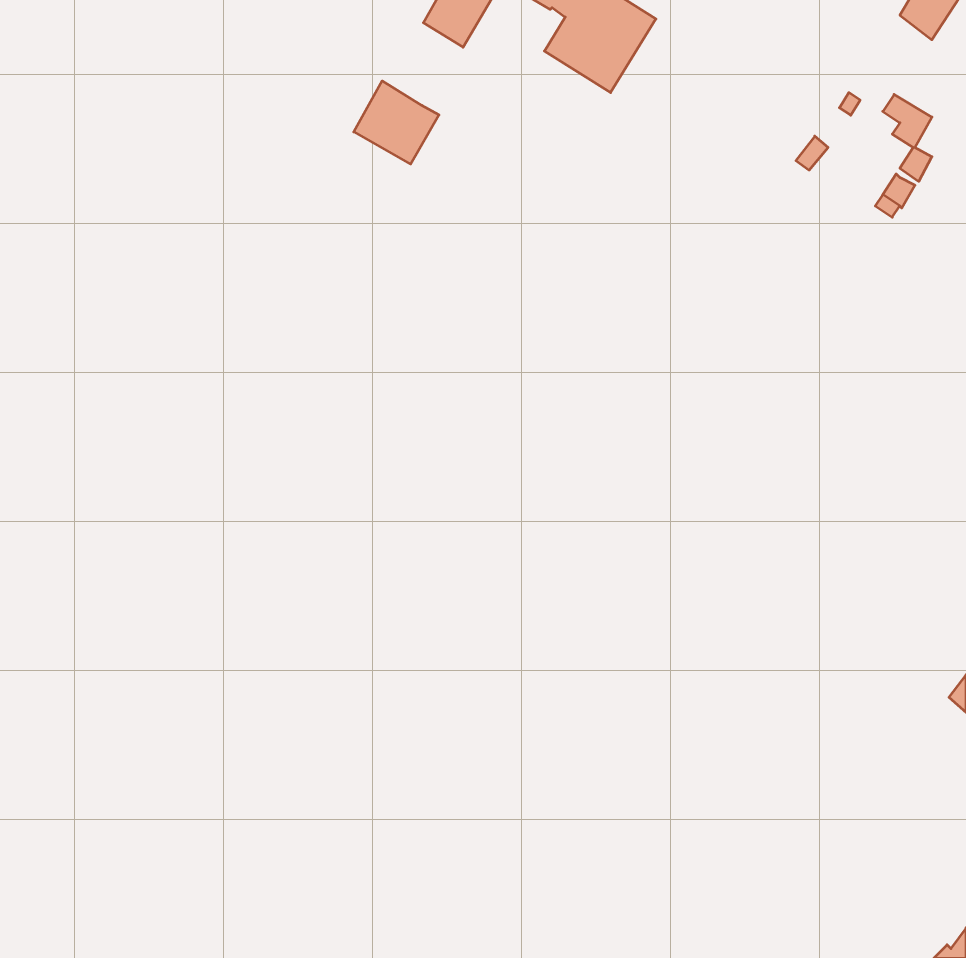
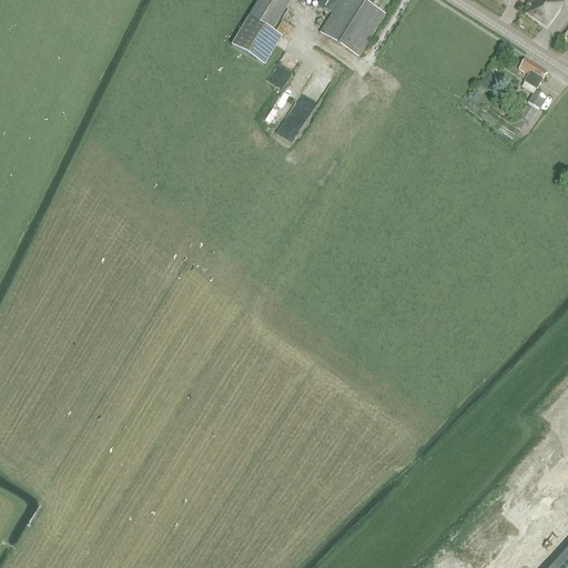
building: [354,81,439,164] -> [232,13,282,62]

